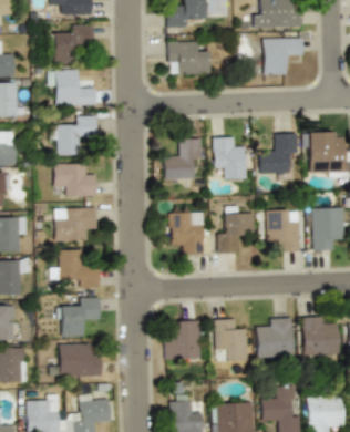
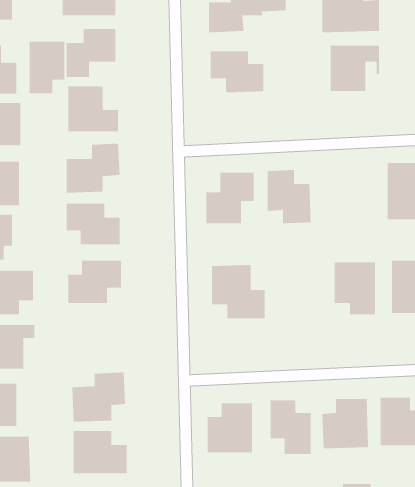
building: none -> [29,41,65,94]
building: [259,133,297,173] -> none
building: [218,206,254,254] -> none
building: [51,249,100,289] -> none

